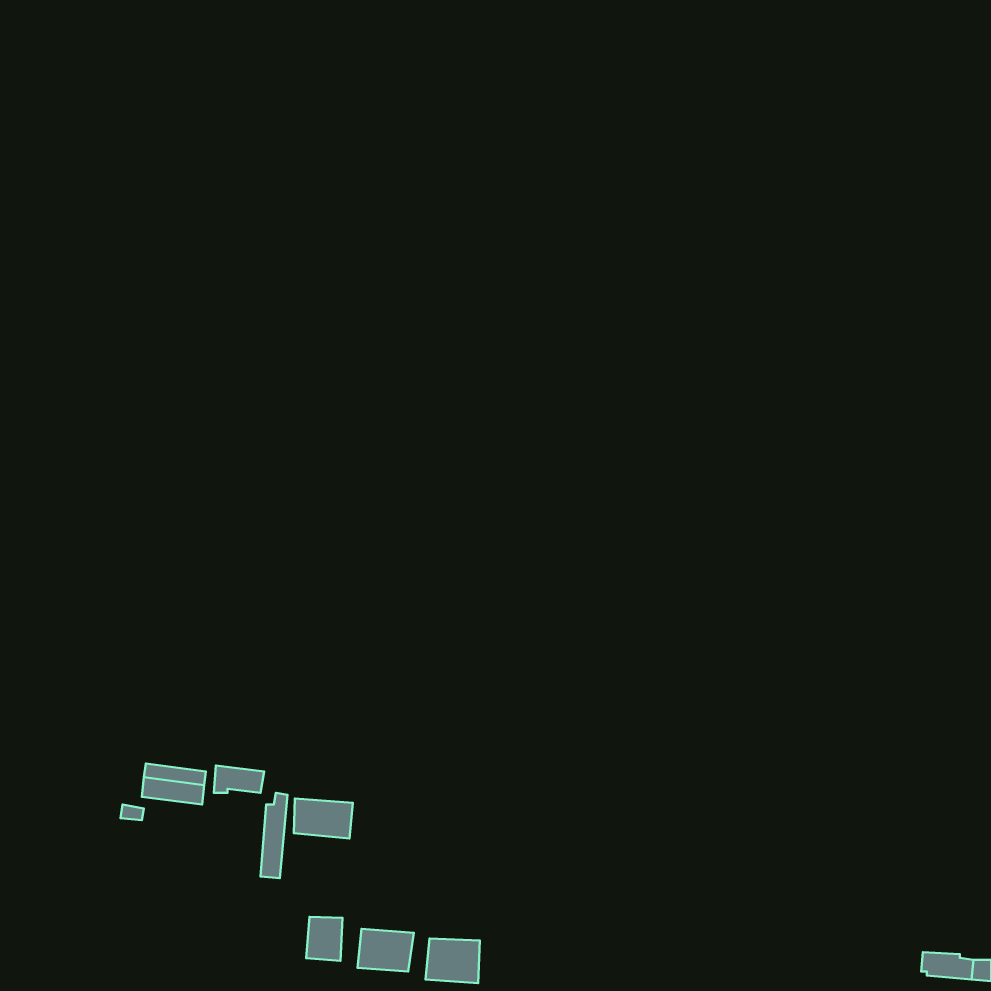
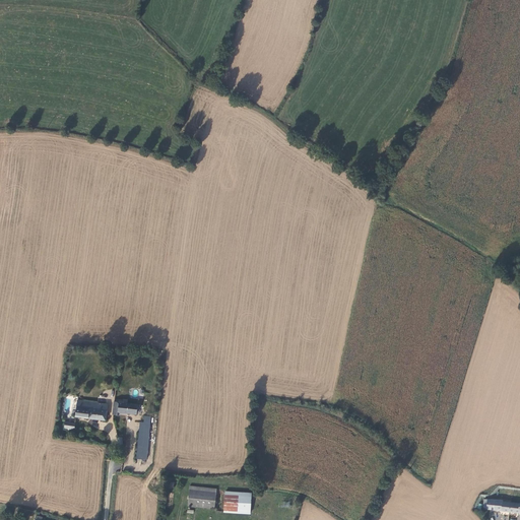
building: [294,799,353,839] -> none
building: [306,917,342,961] -> none

